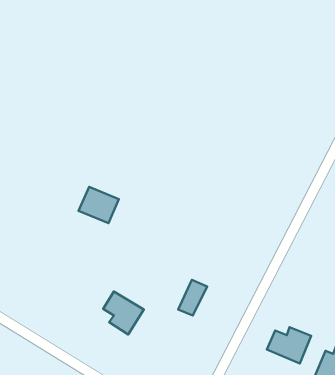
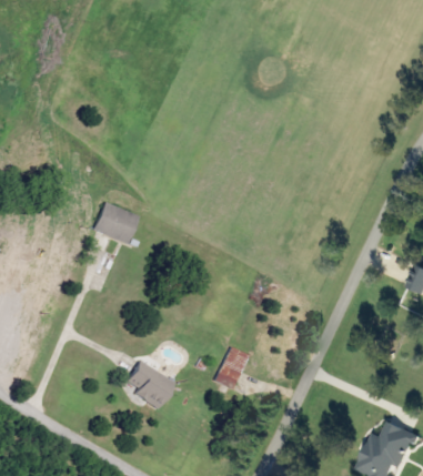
building: [79,187,119,223] -> [92,200,139,242]
building: [267,327,311,363] -> none

